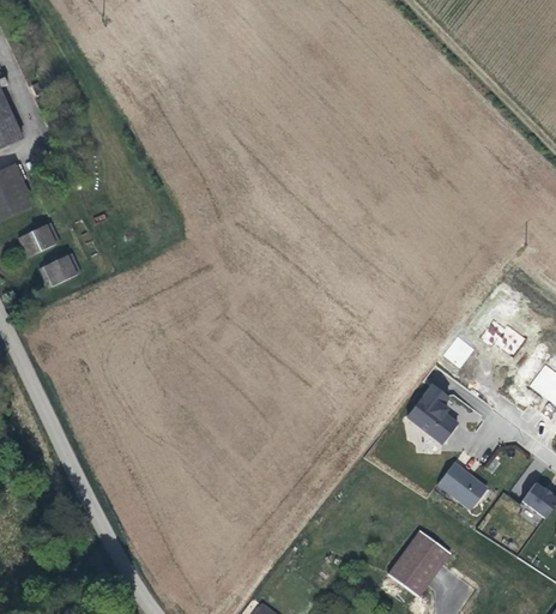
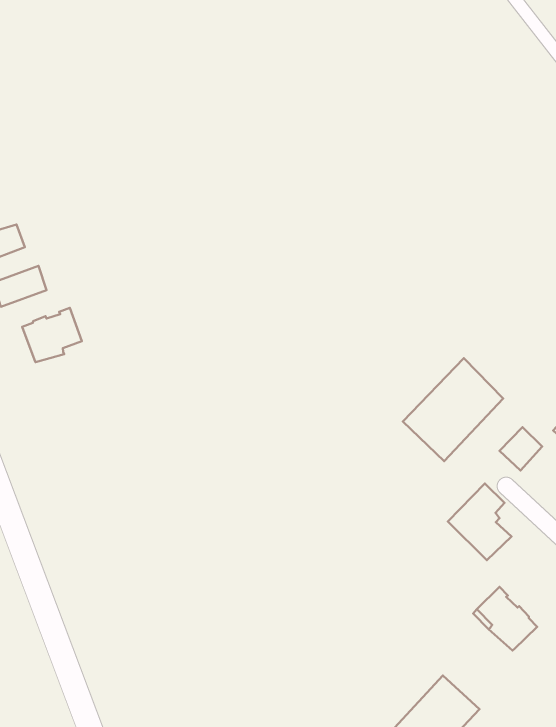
building: none -> [22,308,82,362]
building: none -> [403,358,503,461]

